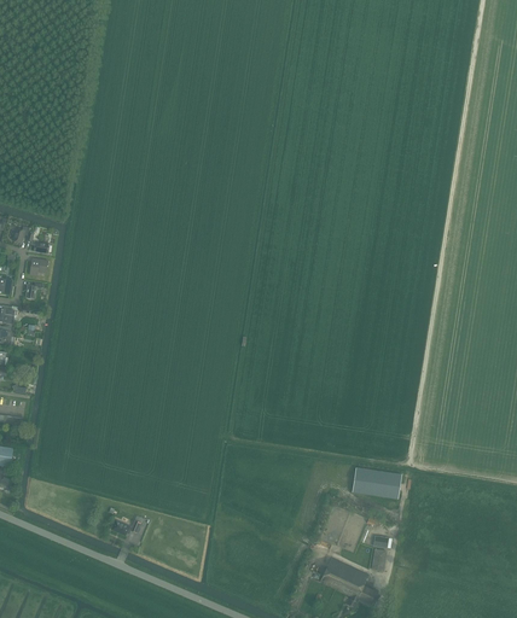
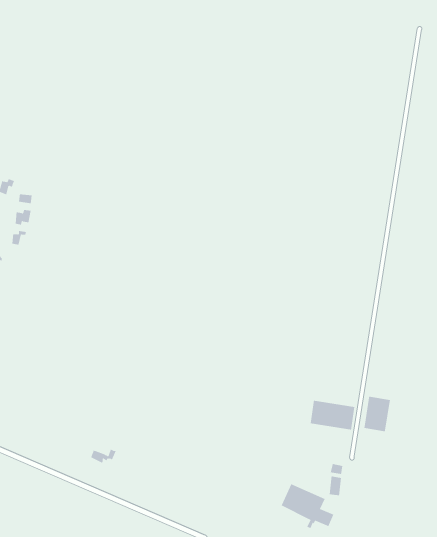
building: none -> [364,396,390,432]

